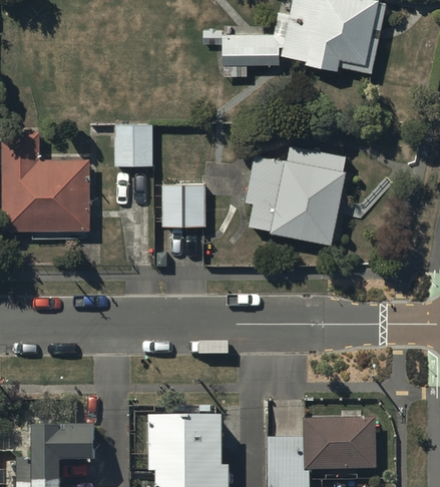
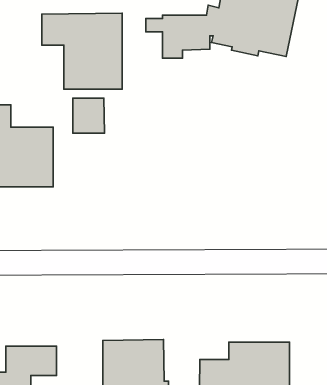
building: none -> [42,13,122,89]
building: [245,144,347,245] -> none
building: [159,185,204,228] -> none

